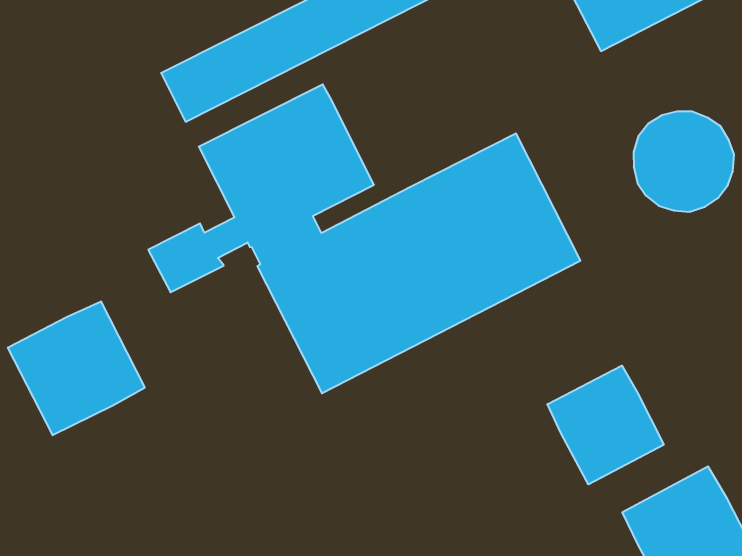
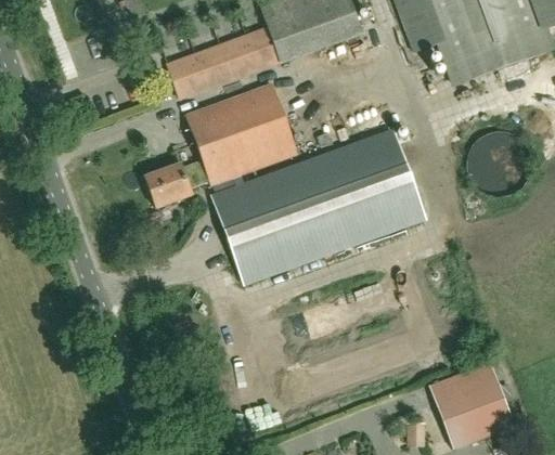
building: [8,301,145,435] -> none
building: [547,366,664,484] -> none

